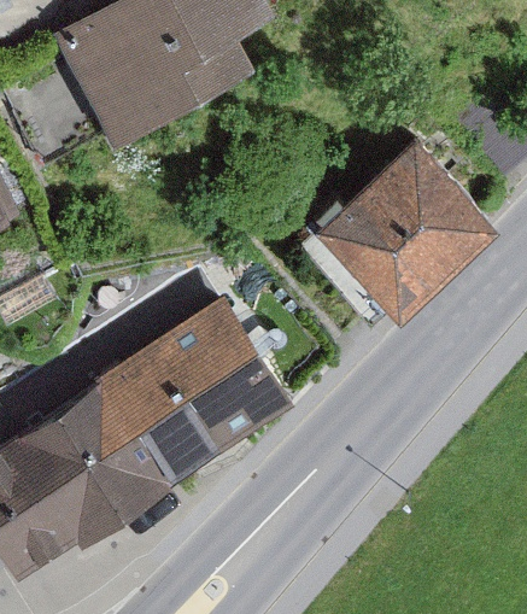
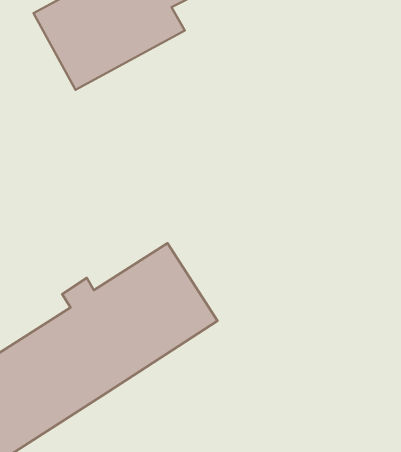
building: [306,146,488,322] -> none

